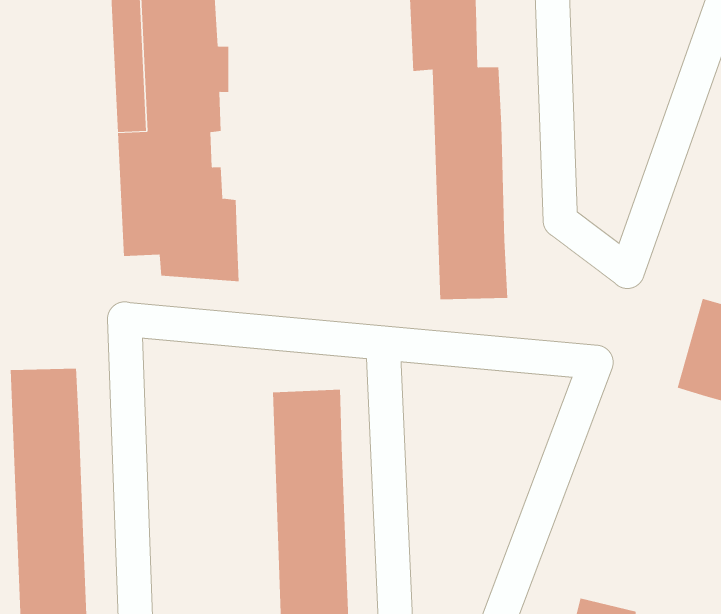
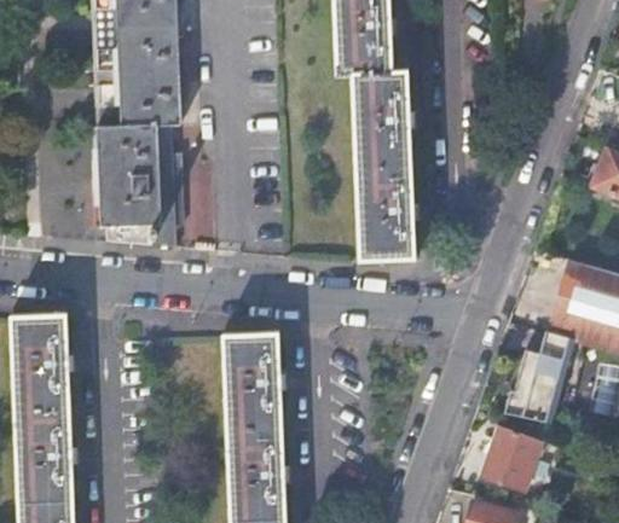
building: none -> [505,332,574,423]
building: none -> [482,426,542,492]

